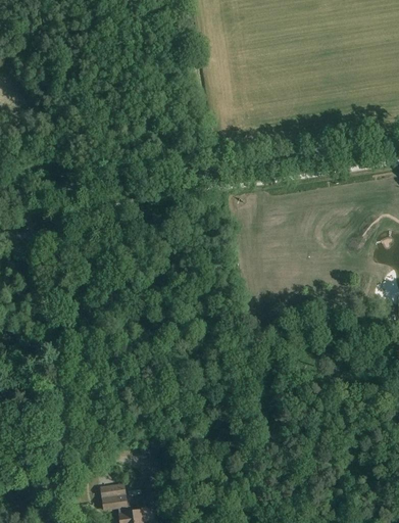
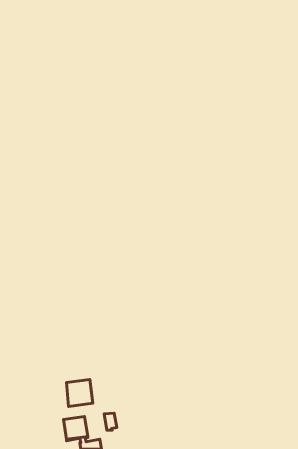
building: none -> [67,379,93,407]

